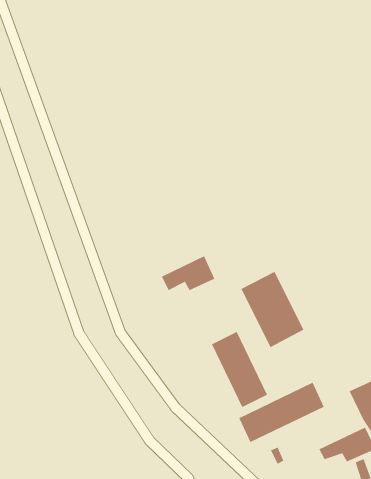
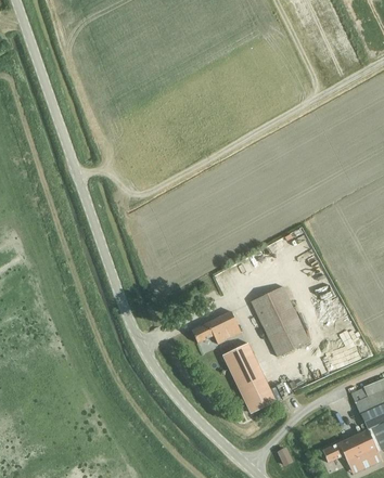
building: [161,255,215,291] -> [191,310,241,343]
building: [239,382,325,443] -> none

